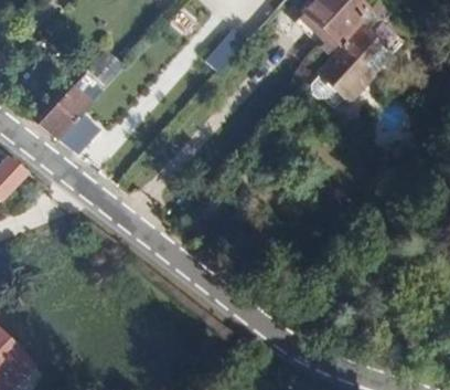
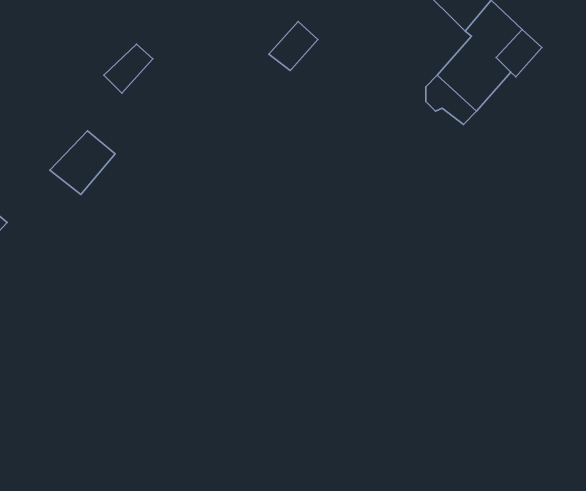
building: [38,85,89,137] -> none

